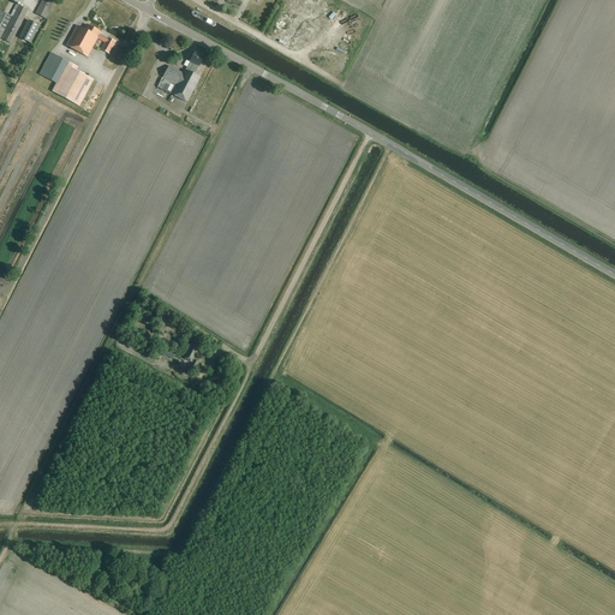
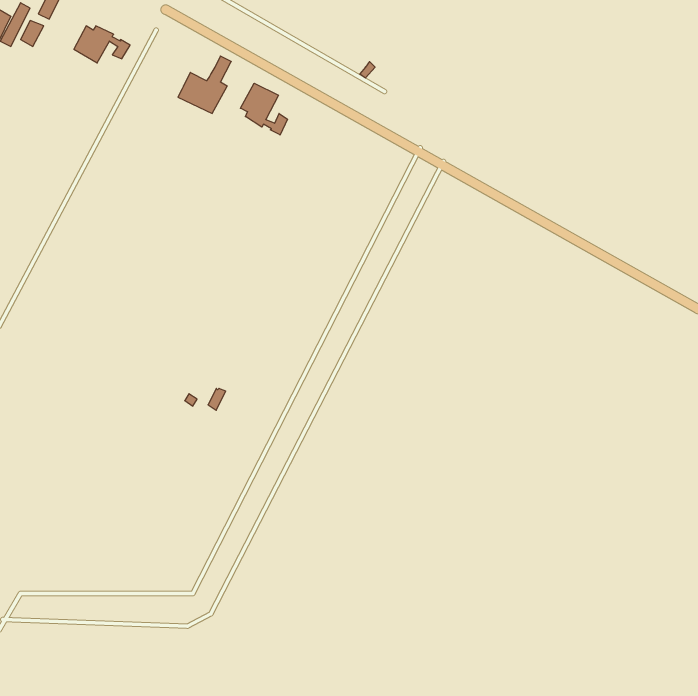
building: [38,50,91,103] -> none
building: none -> [240,83,288,135]

